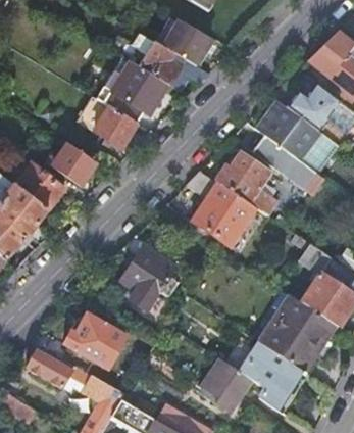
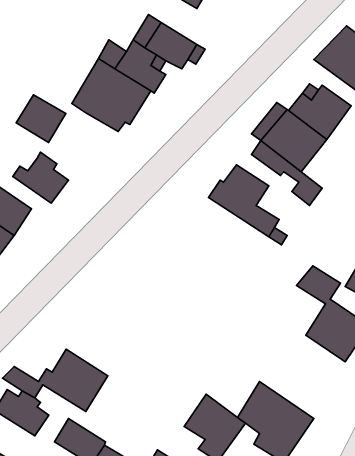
building: [93,106,137,148] -> [16,95,66,142]
building: [298,130,339,173] -> none
building: [188,171,255,244] -> none
building: [121,236,179,312] -> none
building: [260,295,341,376] -> none

